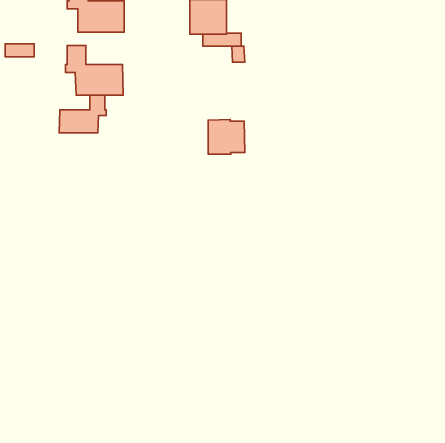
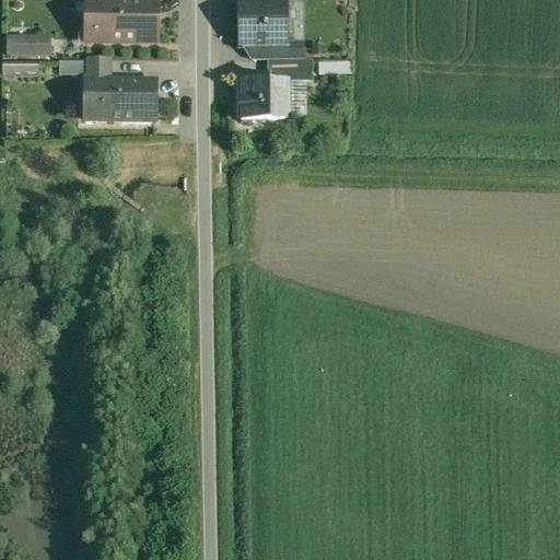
building: none -> [11,33,55,54]
building: [59,95,106,133] -> none
building: [208,119,245,154] -> [238,75,284,119]

